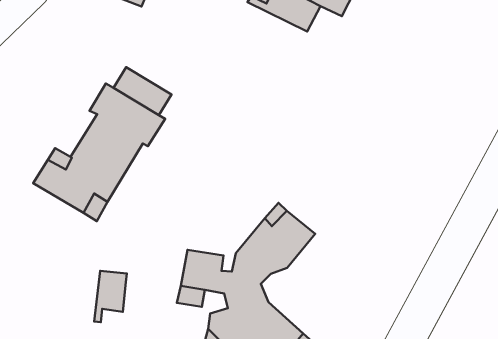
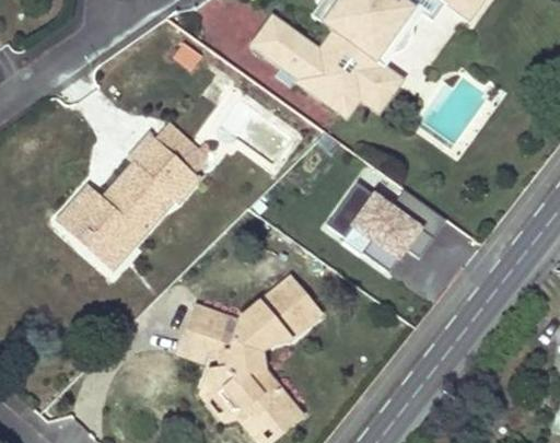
building: none -> [350,191,423,259]
building: [94,271,127,322] -> none

